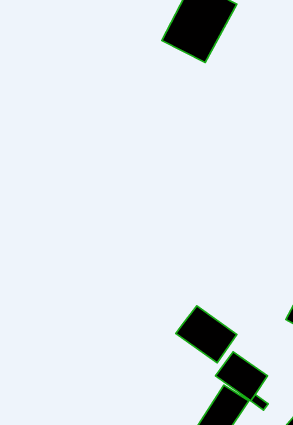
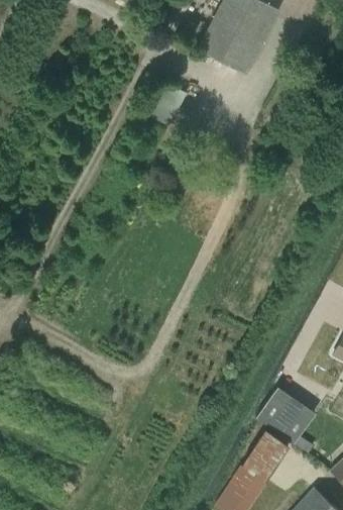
building: none -> [150,82,187,125]
building: [176,306,237,363] -> none

